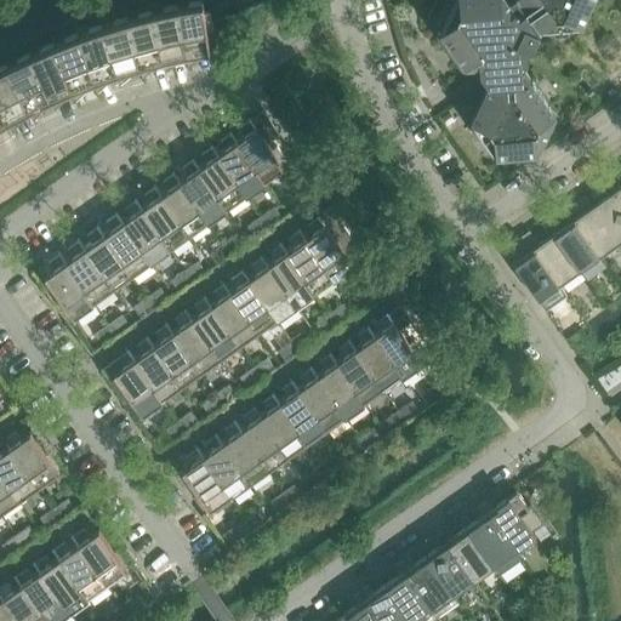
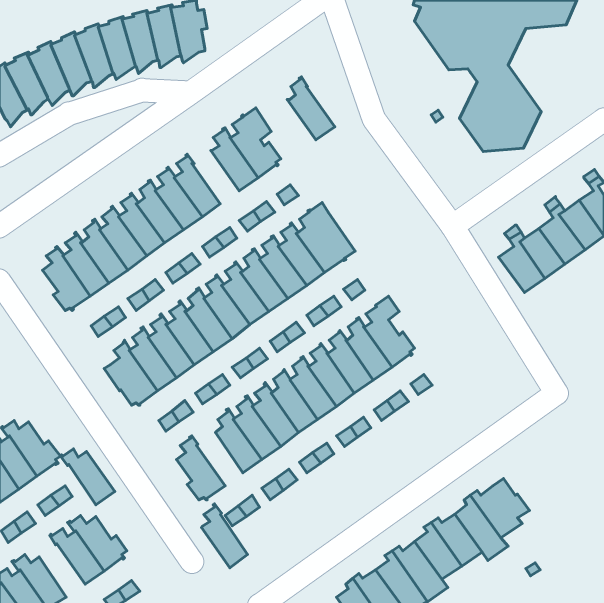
building: [196,147,245,211] -> [287,77,335,140]
building: [201,434,249,500] -> [201,504,248,568]
building: [32,557,87,614] -> [60,449,115,505]

